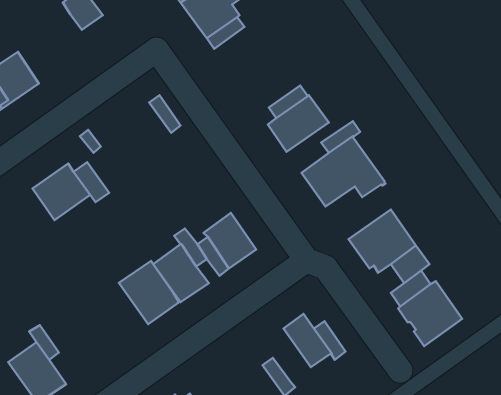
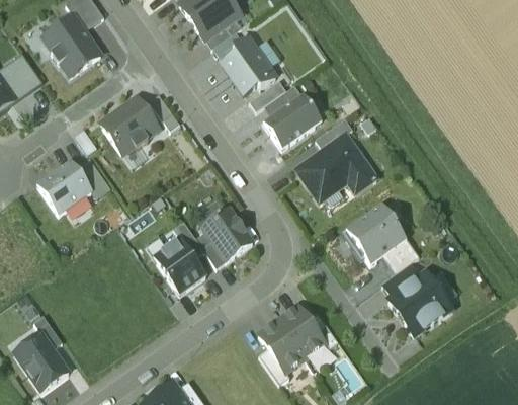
building: none -> [42,15,100,76]
building: none -> [222,37,275,93]
building: none -> [100,97,158,152]
building: [119,261,179,324] -> none
building: none -> [258,318,305,370]

